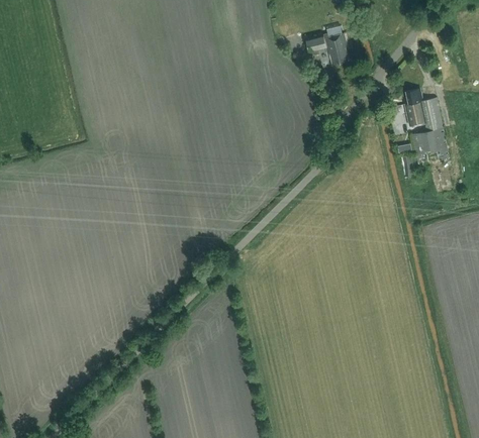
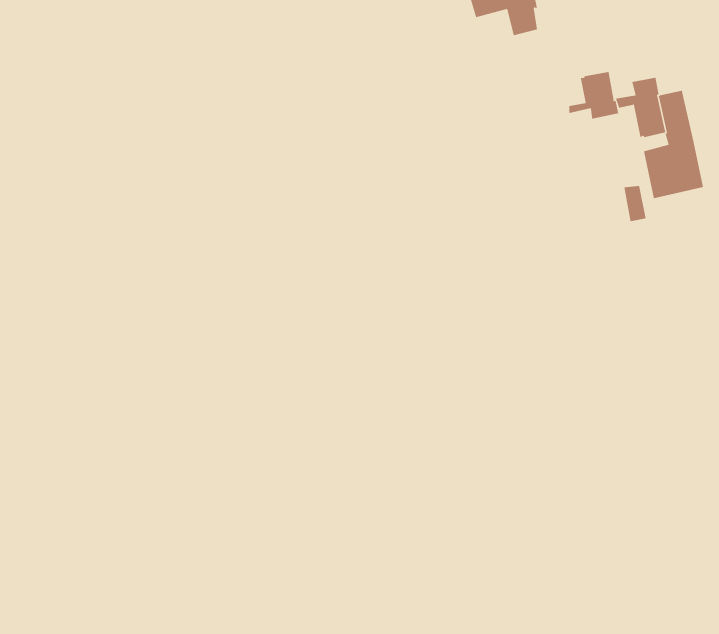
building: none -> [569,71,619,119]

